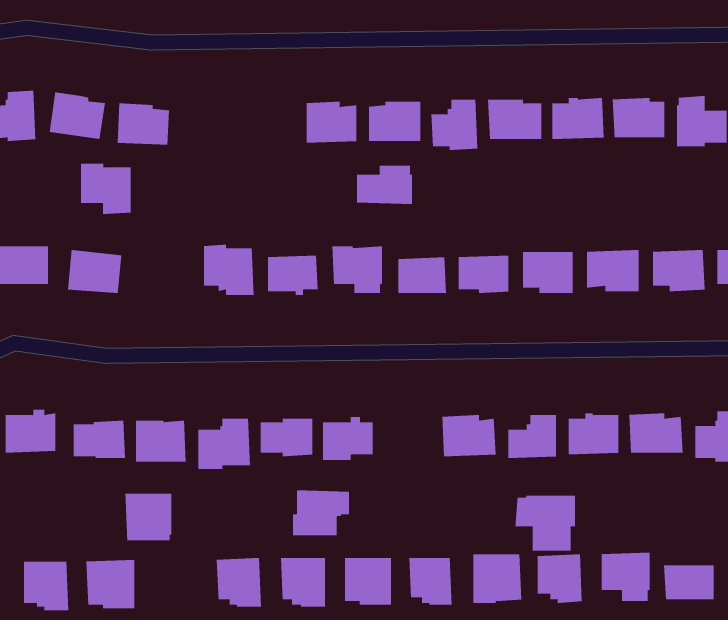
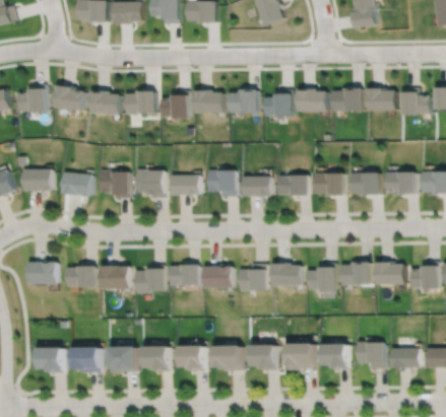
building: none -> [125,90,153,114]
building: none -> [161,91,188,119]
building: [80,163,132,215] -> [101,170,129,199]
building: [356,165,413,205] -> none
building: none -> [239,264,264,290]
building: [292,489,350,536] -> none
building: [125,493,172,541] -> [110,344,136,370]
building: [515,495,575,552] -> none

